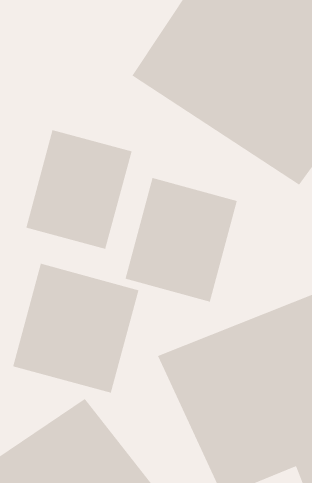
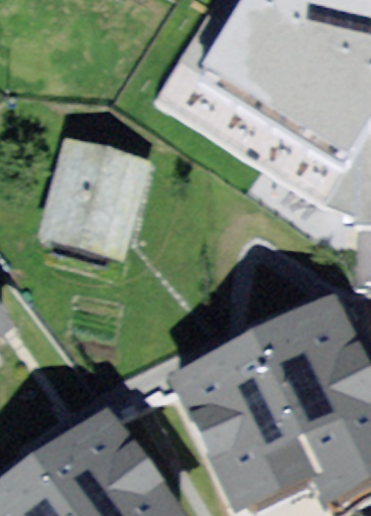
building: [125,177,238,303] -> none
building: [12,263,139,394] -> none

